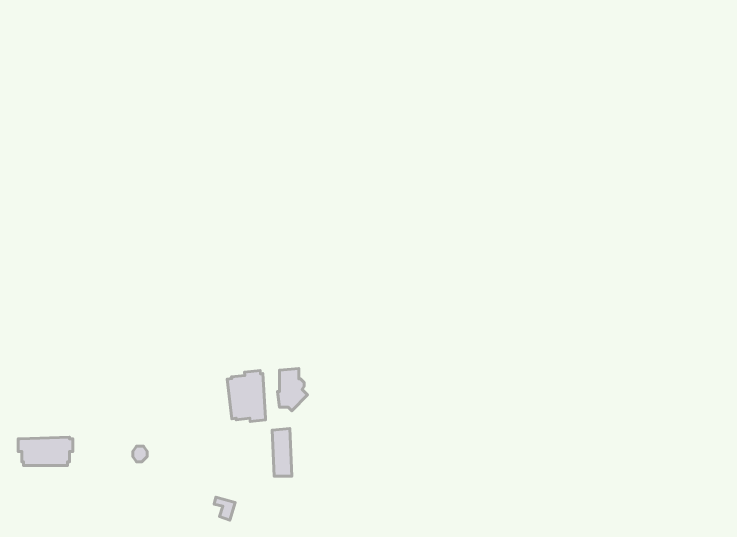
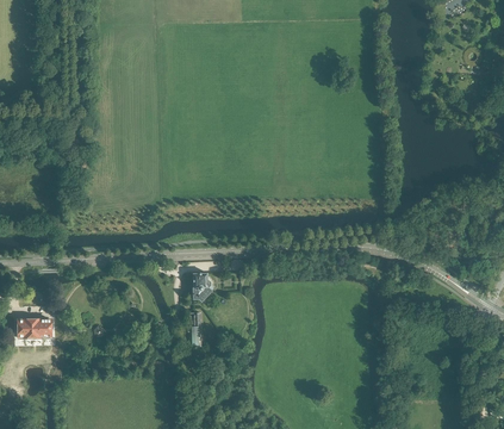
building: [227,371,266,422] -> none

